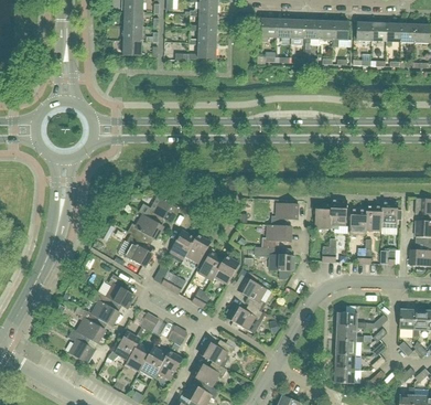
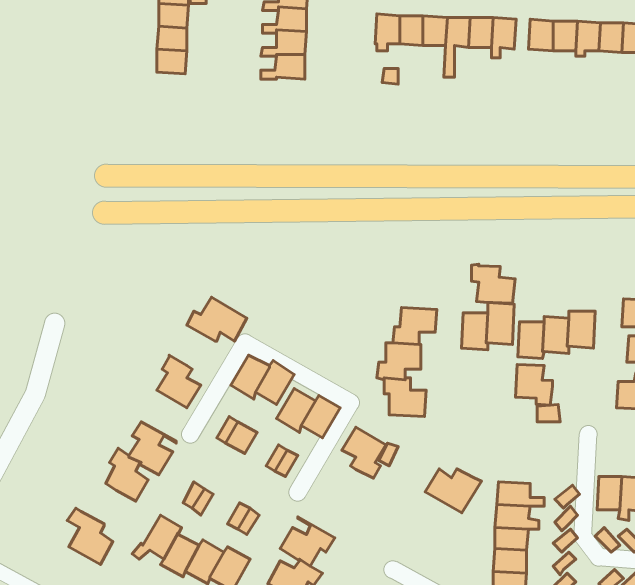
building: none -> [471,264,515,303]
building: [128,213,162,238] -> none
building: none -> [515,365,553,405]
building: [228,303,263,331] -> [425,469,481,513]
building: [76,308,104,341] -> none

